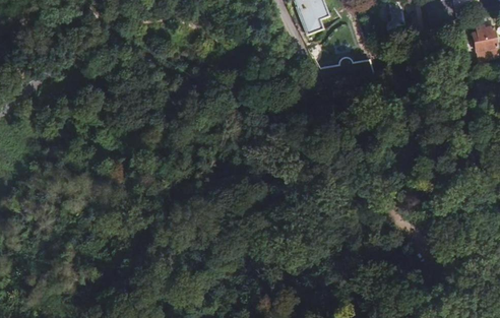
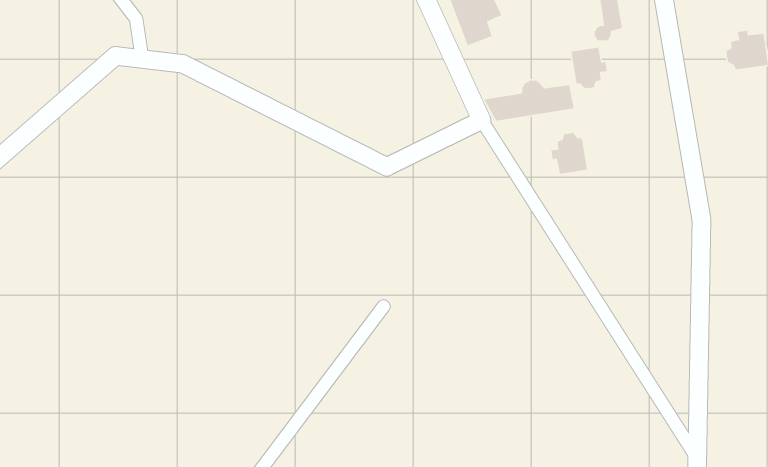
building: none -> [570,47,608,89]
building: none -> [550,132,588,175]

